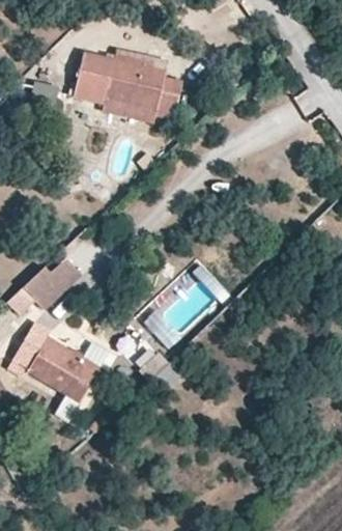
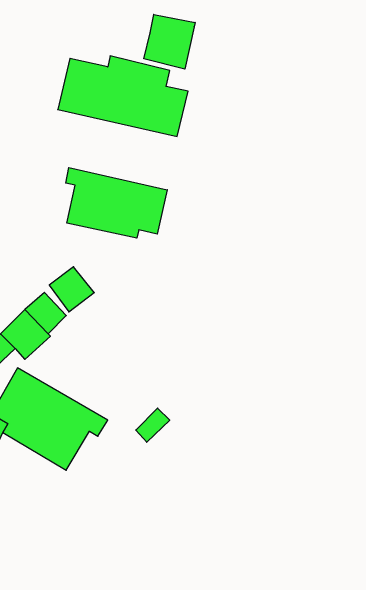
building: none -> [144,14,195,69]
building: none -> [66,168,167,238]

